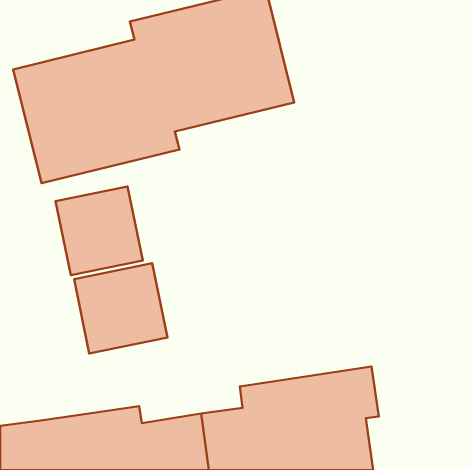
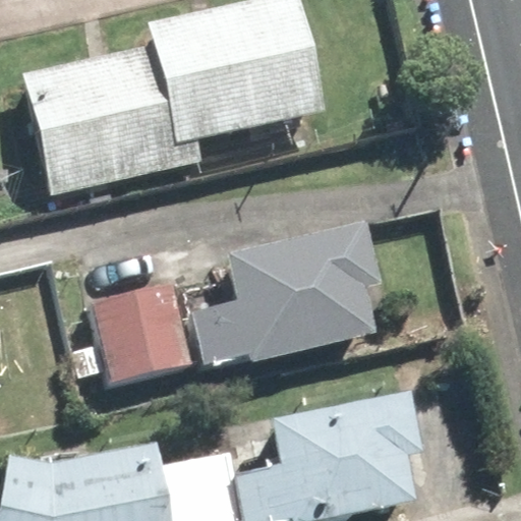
building: [55,186,143,275] -> none
building: none -> [189,223,386,366]

